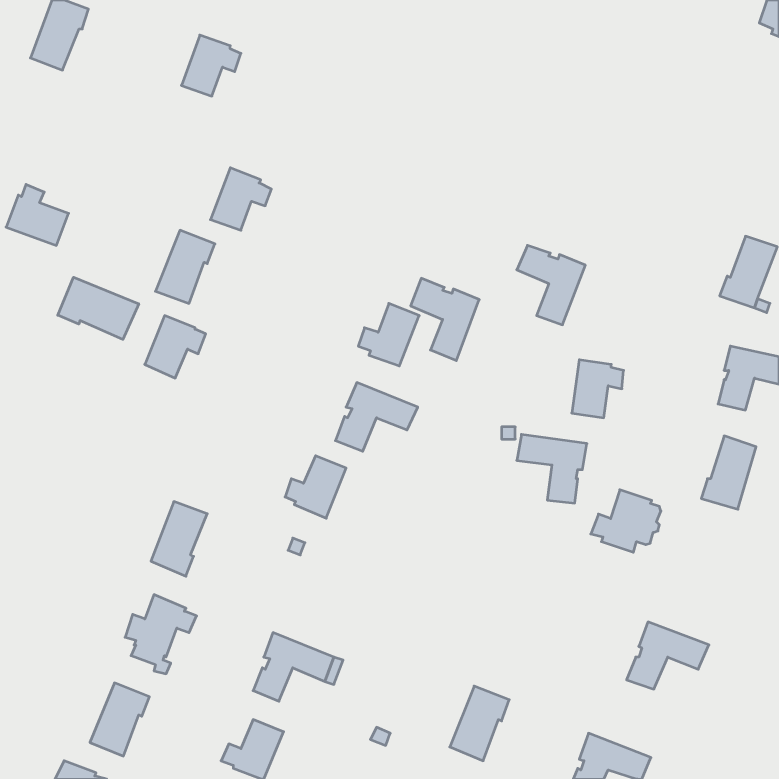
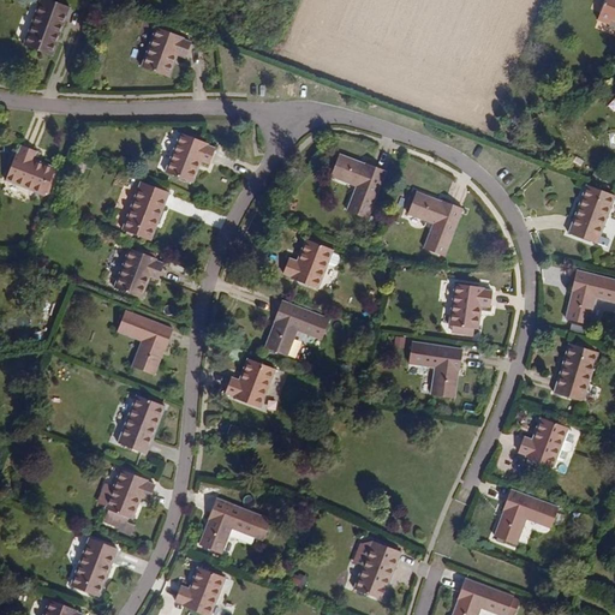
building: [58,277,139,339] -> none
building: [411,278,479,361] -> [330,154,384,219]
building: none -> [117,311,172,374]
building: [591,490,661,552] -> [518,418,573,467]

